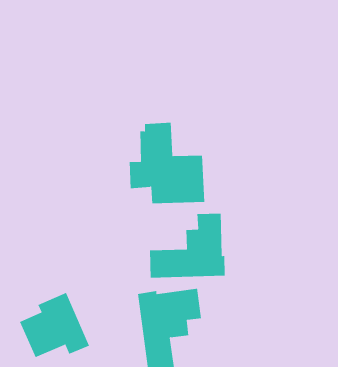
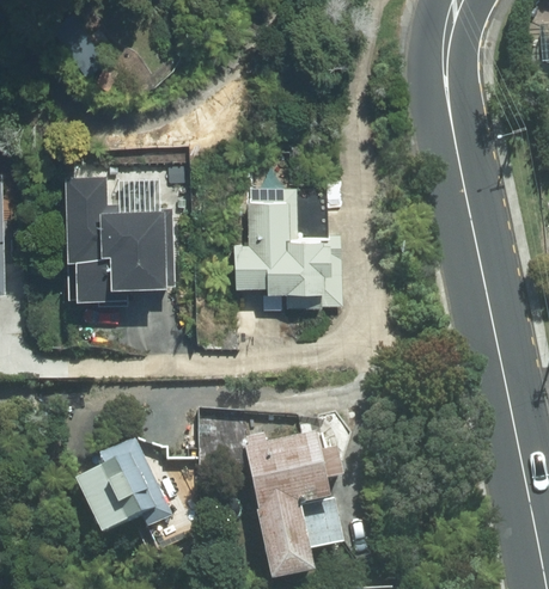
building: none -> [62,176,163,296]
building: [149,213,225,278] -> none

